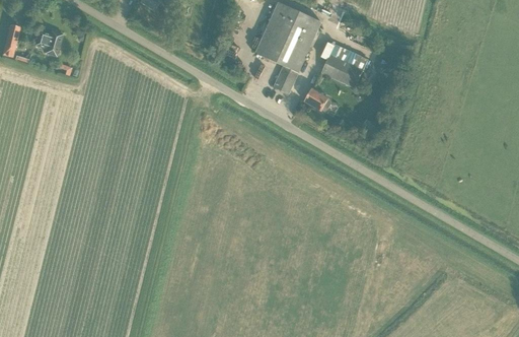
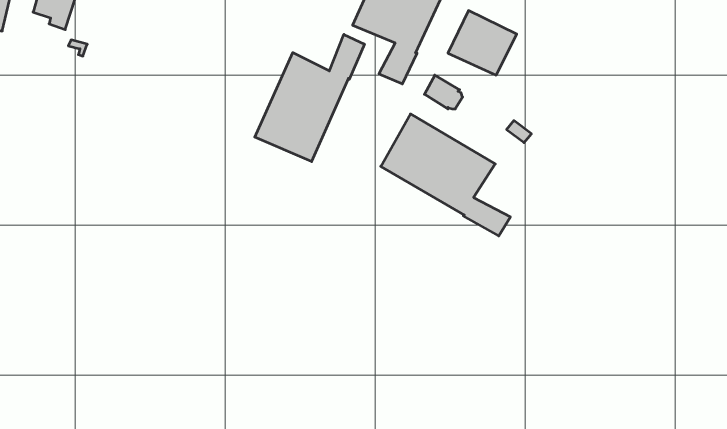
building: none -> [255,34,364,162]
building: none -> [381,114,510,236]

